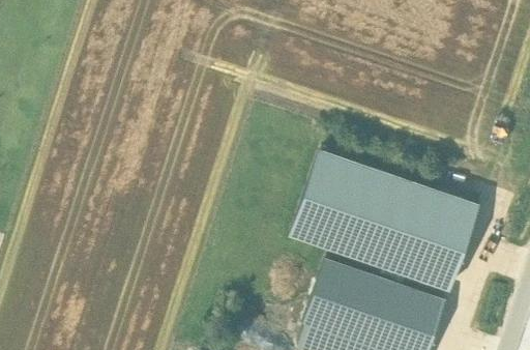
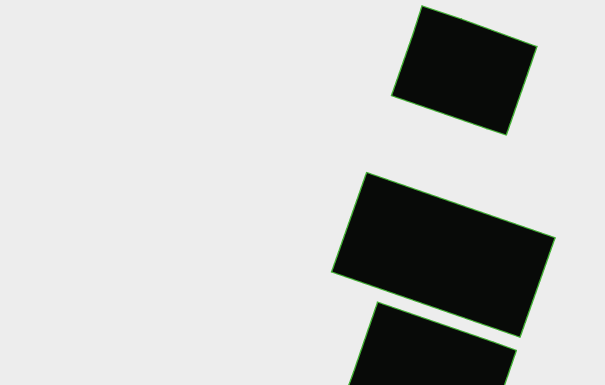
building: none -> [392,6,537,135]

